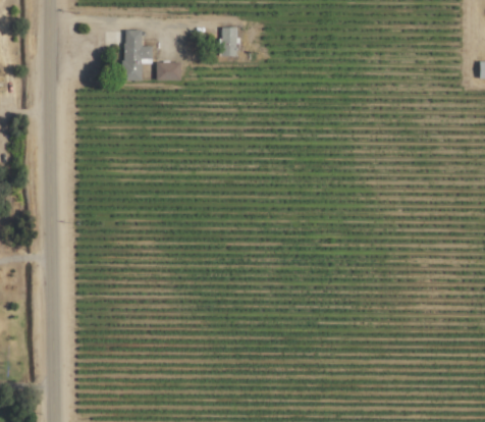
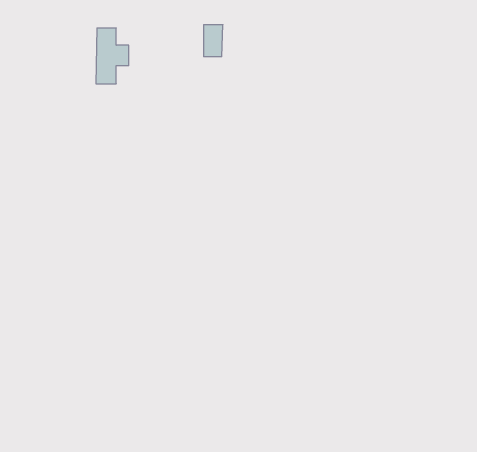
building: [156,61,181,80] -> none

